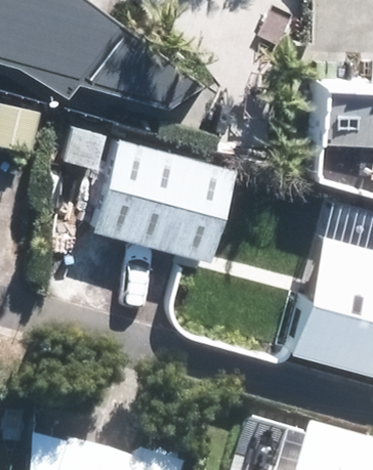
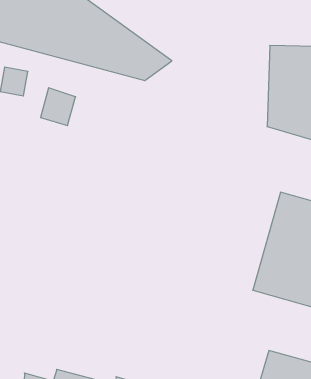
building: [81,132,219,254] -> none

